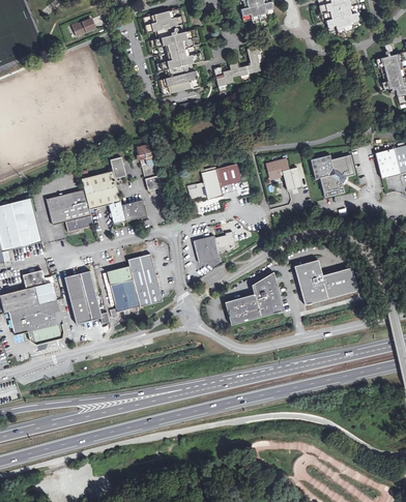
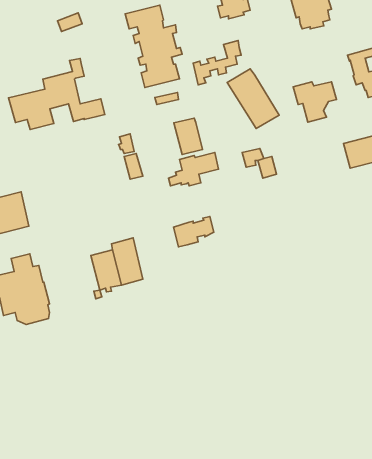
building: none -> [227,69,279,129]
building: none -> [174,118,203,154]
building: [310,154,355,197] -> [293,82,336,122]
building: [46,156,147,231] -> [9,59,105,129]
building: [294,258,358,303] -> none
building: [64,269,109,323] -> none
building: [226,271,285,324] -> none

